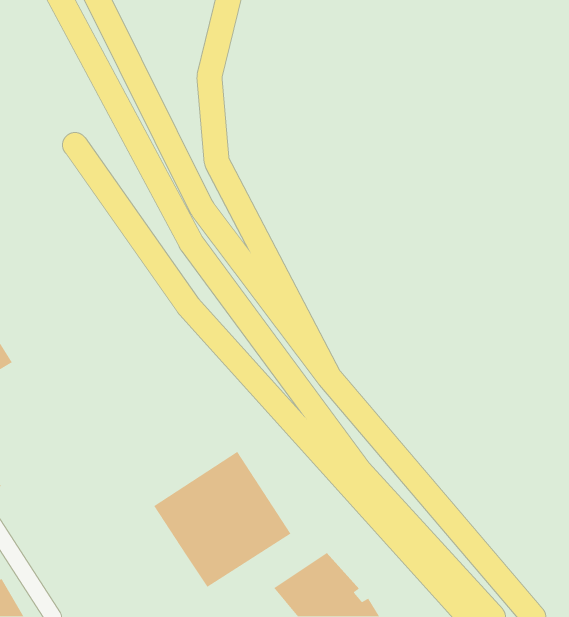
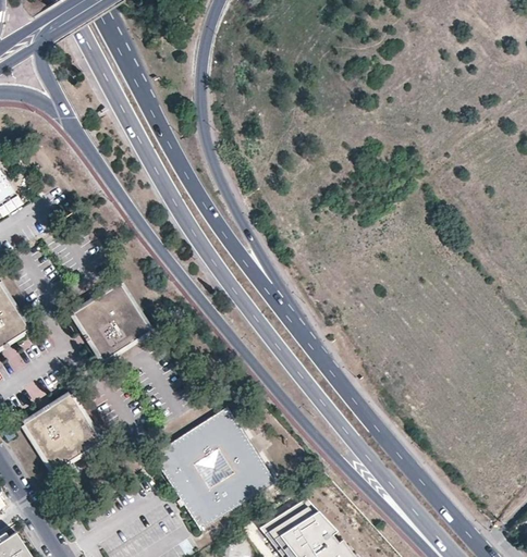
building: none -> [73,286,147,360]
building: none -> [24,396,97,470]

